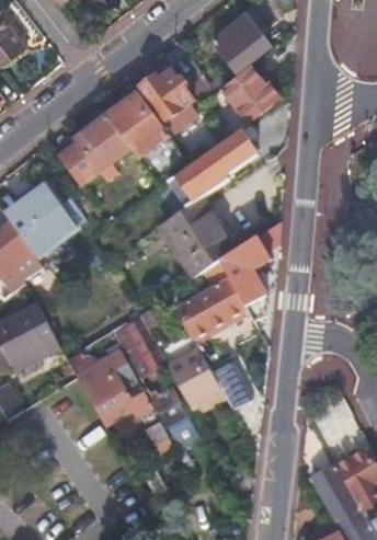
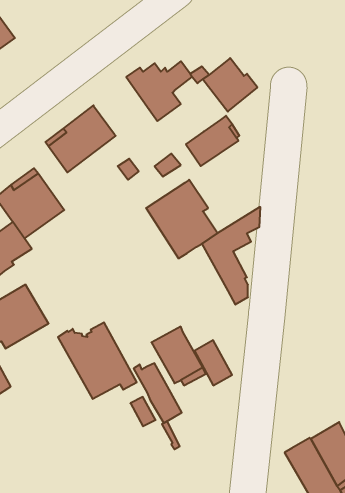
building: [213,18,269,72] -> none
building: [107,95,160,148] -> none
building: [175,262,248,354] -> none
building: [113,314,164,377] -> none

